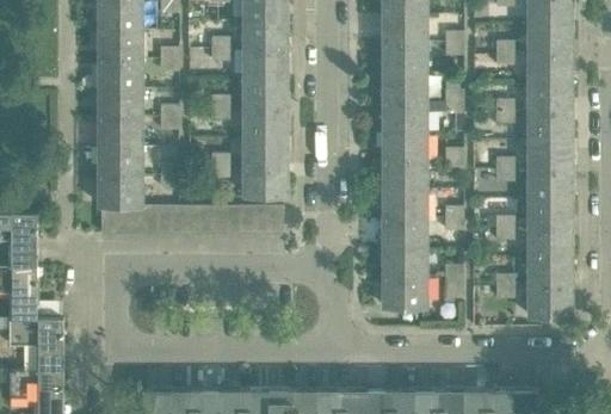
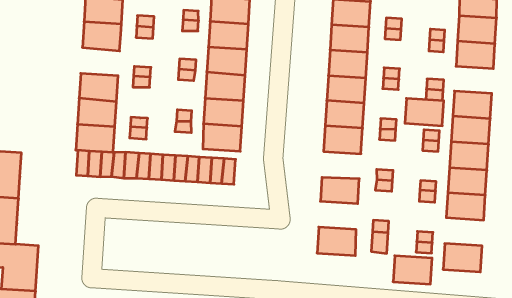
building: [527,84,570,112] -> [405,98,444,126]
building: [98,89,141,119] -> none
building: [382,191,425,221] -> none
building: [382,248,425,278] -> none
building: [527,258,570,288] -> [393,256,432,284]

